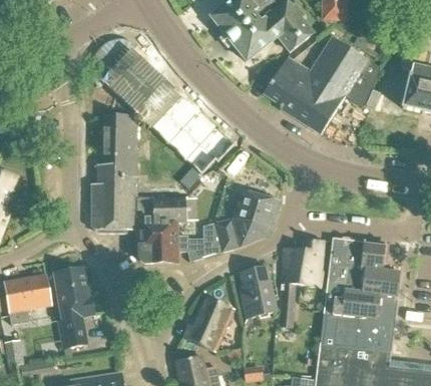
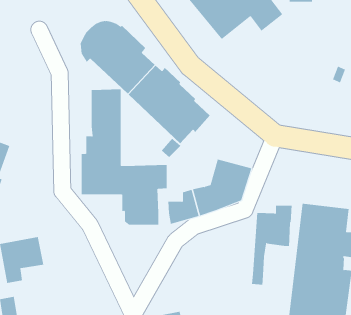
building: [262,37,378,133] -> none
building: [241,266,277,317] -> none
building: [54,267,93,345] -> none
building: [182,296,235,351] -> none

